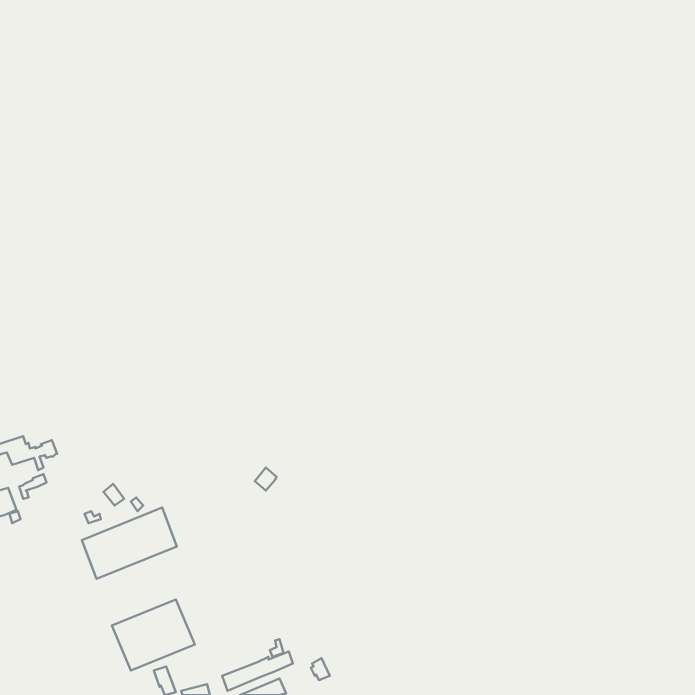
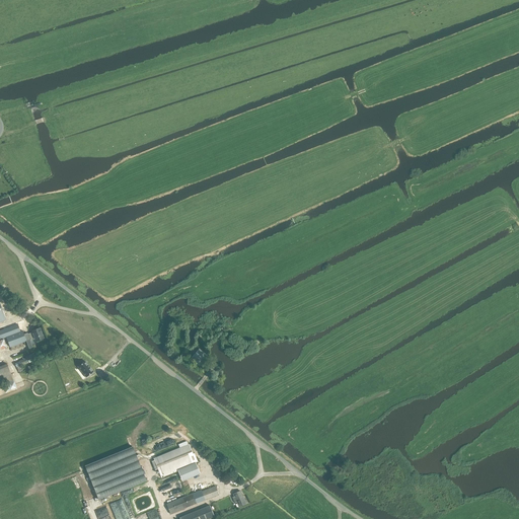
building: [82,508,177,579] -> none
building: none -> [150,440,199,480]

